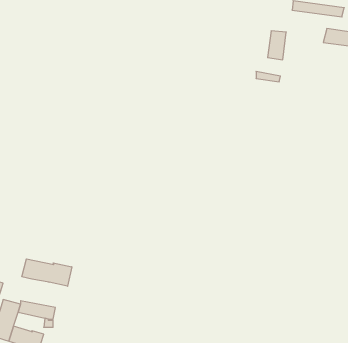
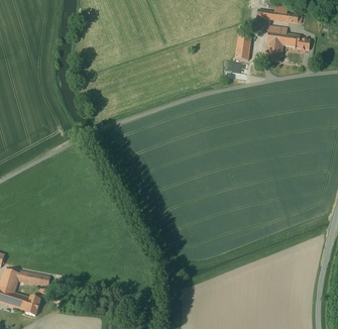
building: none -> [264,25,287,63]
building: [22,259,72,286] -> none

